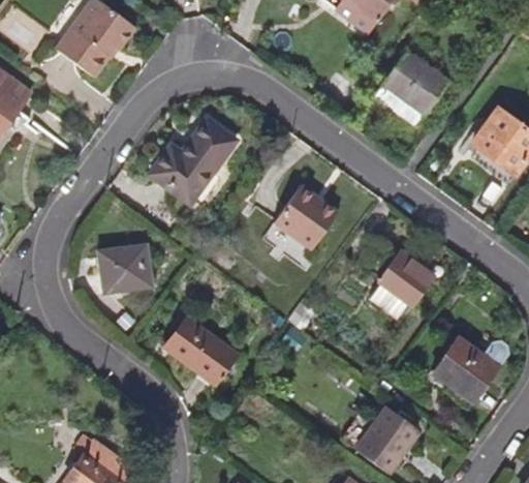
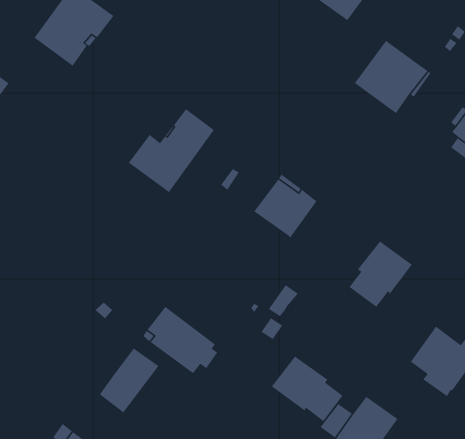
building: [98,244,153,292] -> none
building: none -> [99,347,160,414]
building: none -> [271,356,344,422]

